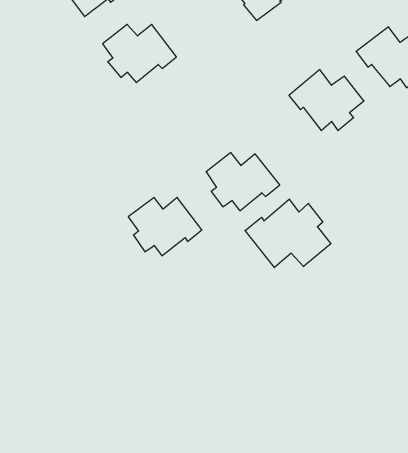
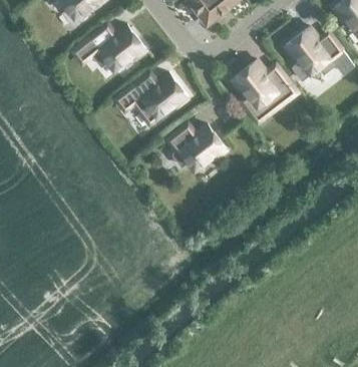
building: [128,197,202,256] -> [127,73,185,118]
building: [245,199,331,268] -> none

